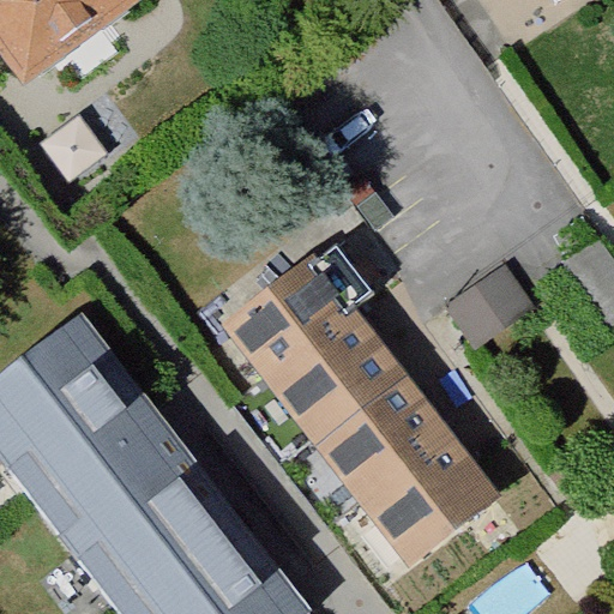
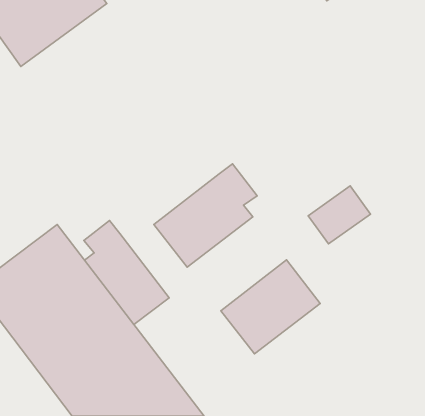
building: [267,309,409,444] -> none
building: none -> [84,221,169,324]
building: [363,433,504,566] -> none

